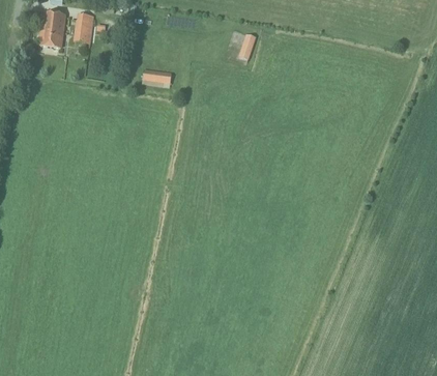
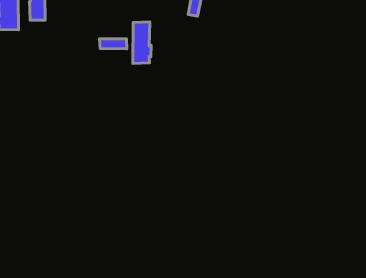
building: none -> [133,22,151,63]

